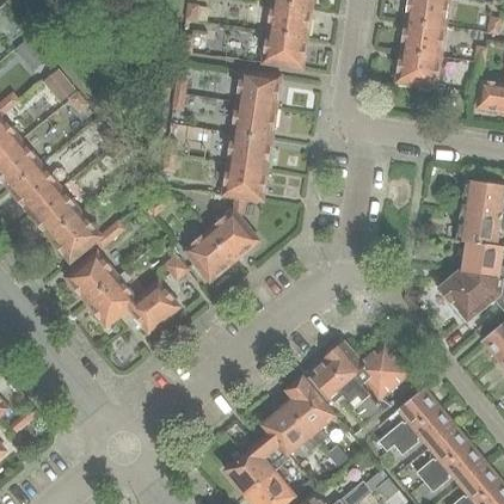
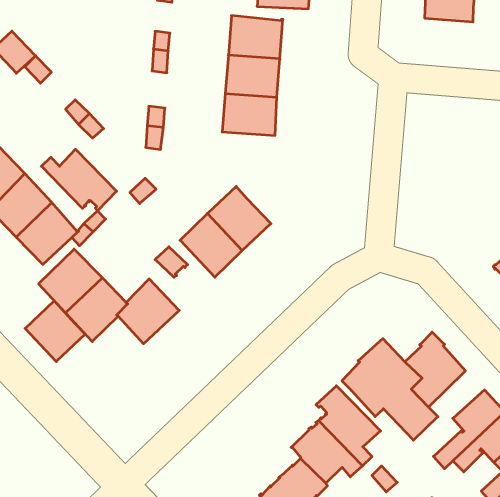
building: [220,162,268,219] -> none
building: none -> [41,149,117,211]
building: none -> [25,301,85,362]

